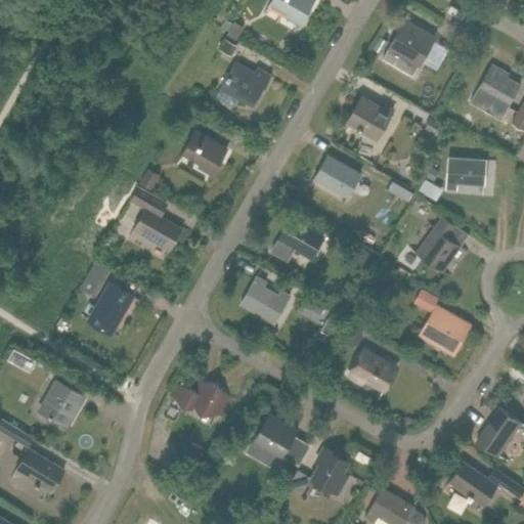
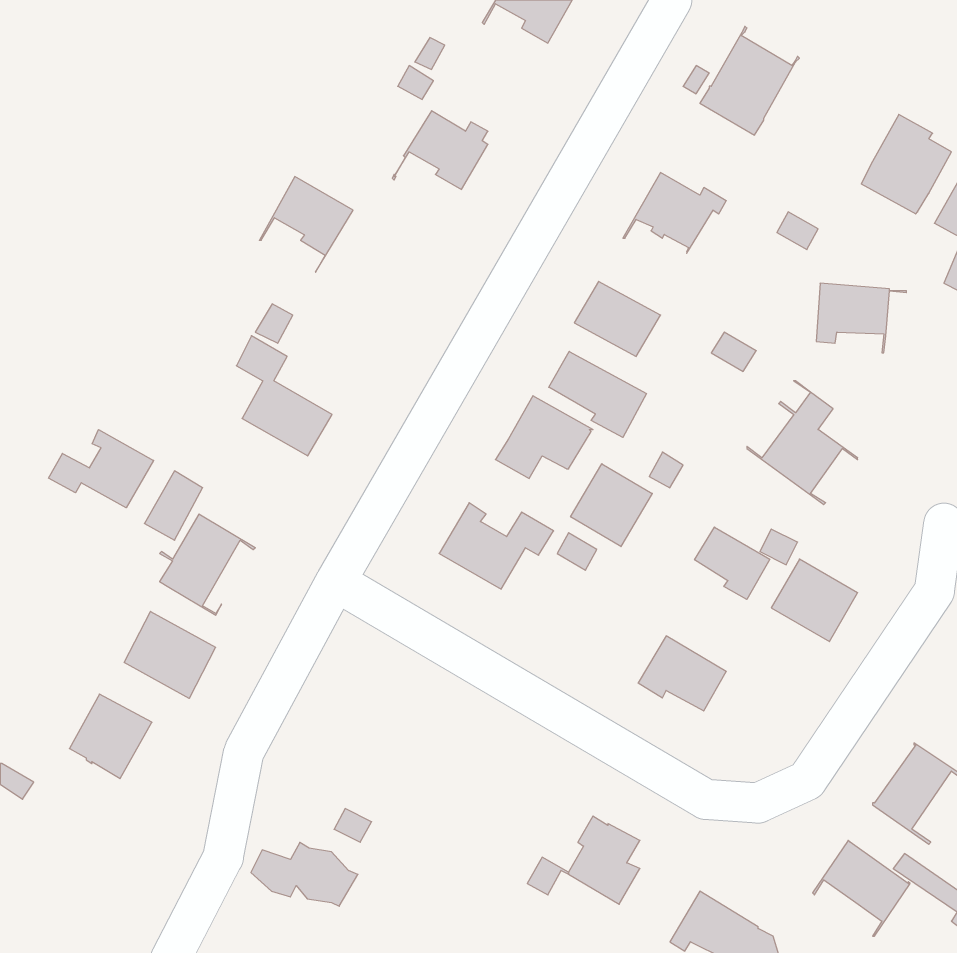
building: [176,132,227,184] -> [259,177,353,272]
building: none -> [549,351,646,437]
building: none -> [49,430,154,508]
building: none -> [571,464,652,547]
building: none -> [695,527,770,599]
building: none -> [124,611,216,698]
building: [172,382,230,417] -> [251,842,358,906]
building: [254,414,309,466] -> none
building: [10,449,64,503] -> none

